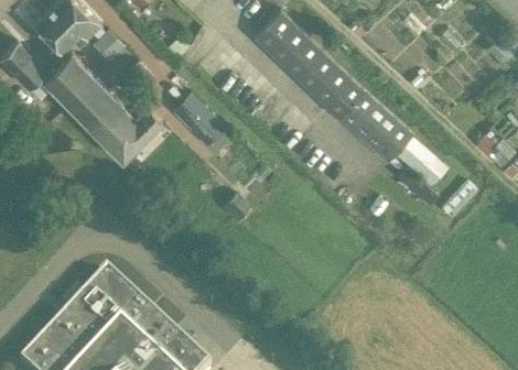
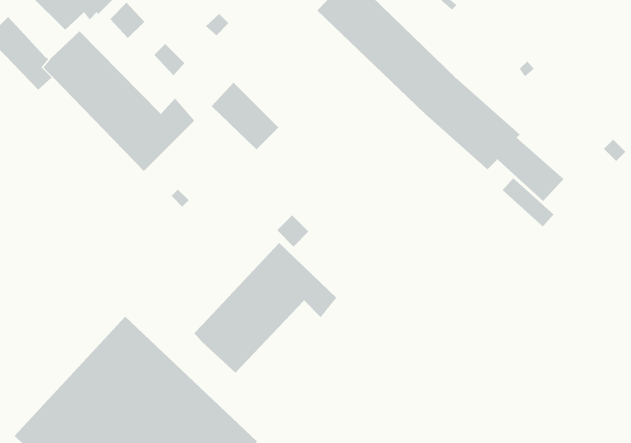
building: none -> [193,242,337,374]

